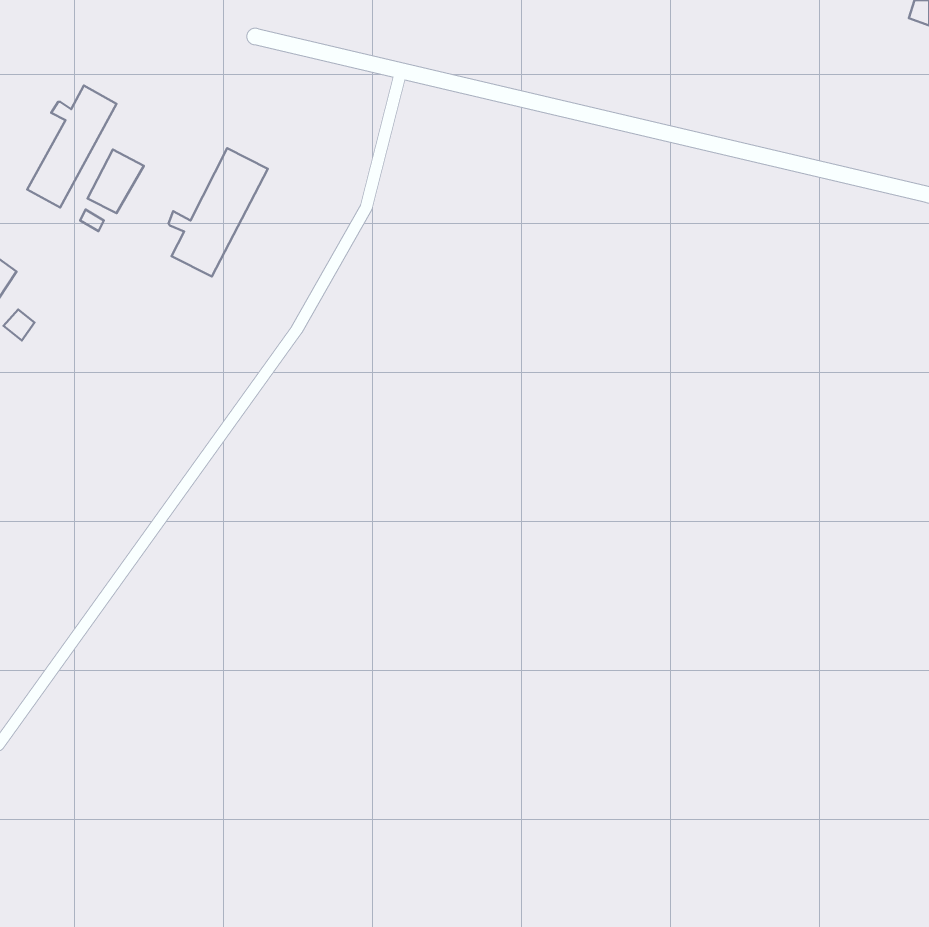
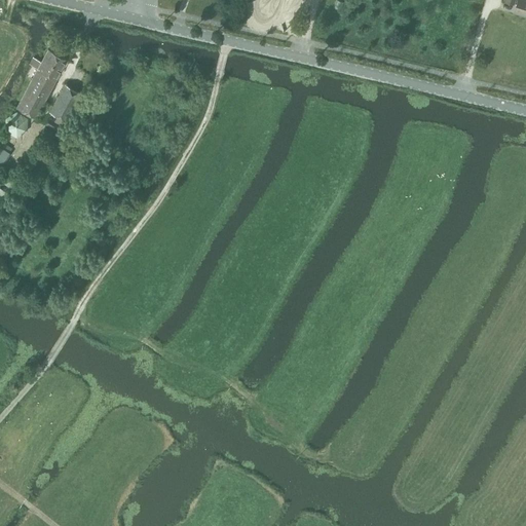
building: [168,148,268,277] -> none

